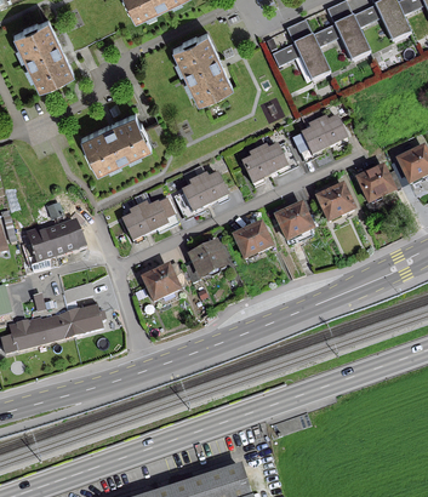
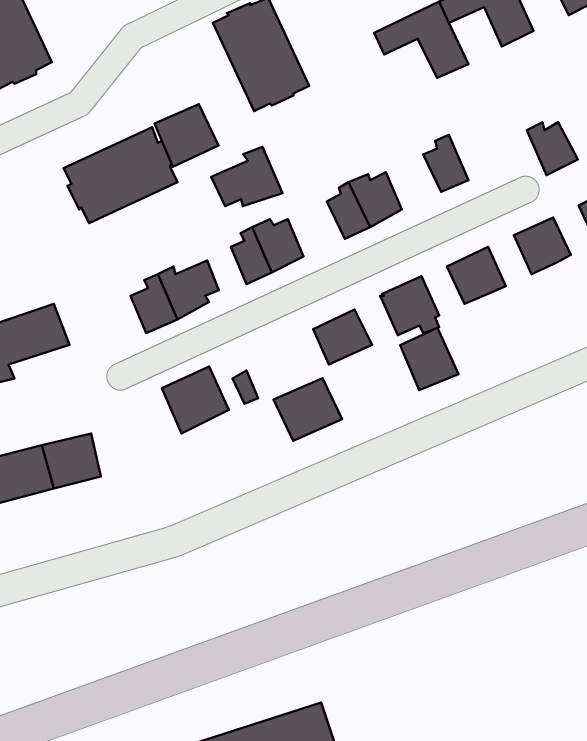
building: none -> [155,104,218,167]
building: [318,112,349,144] -> [527,122,578,175]
building: none -> [211,147,283,206]
building: [189,235,232,274] -> [273,378,342,441]
building: none -> [400,328,458,390]

